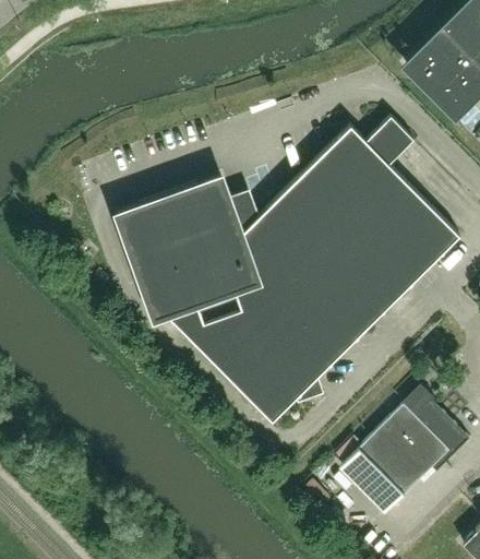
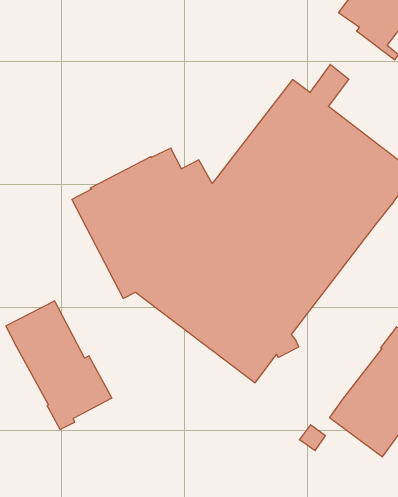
building: none -> [6,301,112,429]

